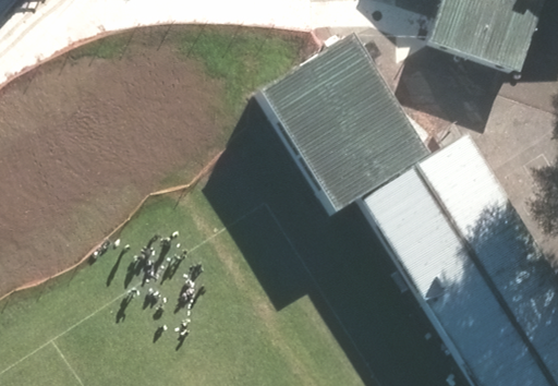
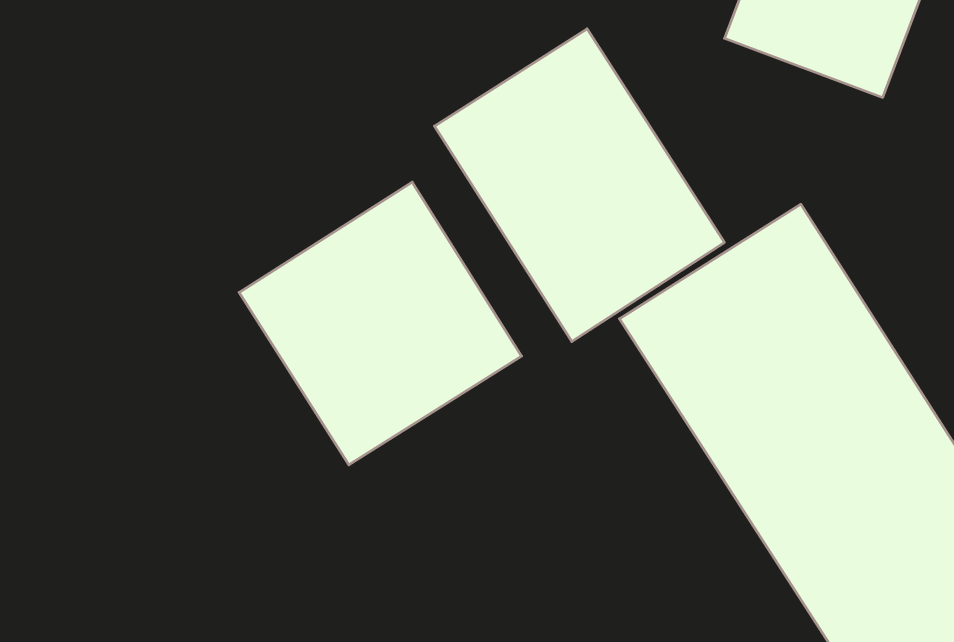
building: none -> [239,182,522,465]

